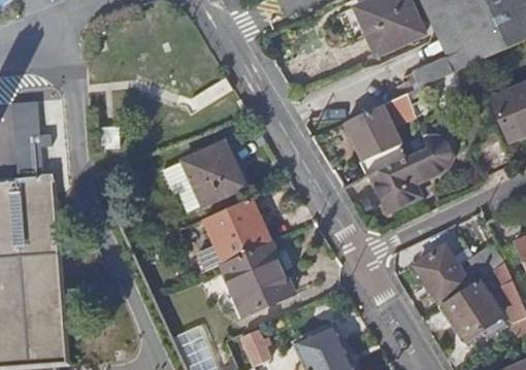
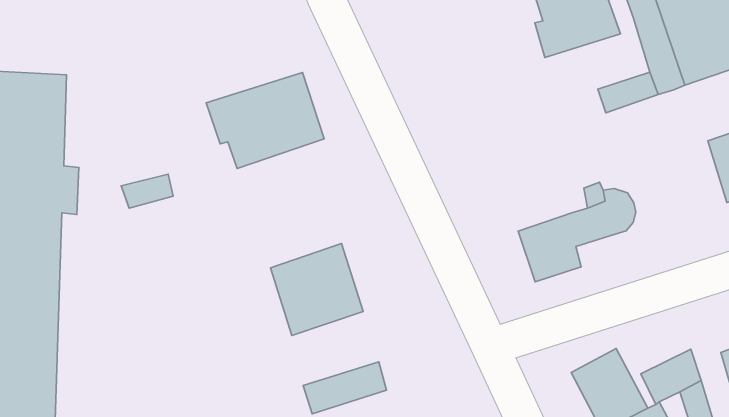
building: [343,94,414,175] -> none
building: [161,139,243,209] -> [206,72,324,169]
building: [221,240,284,295] -> none

